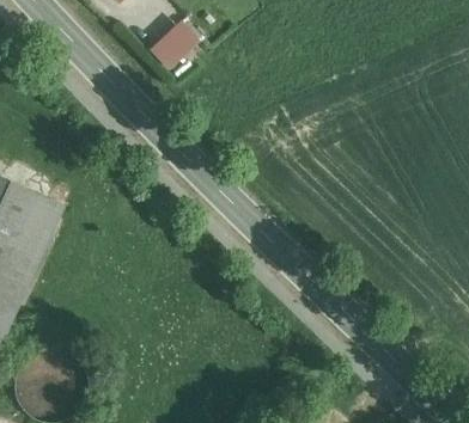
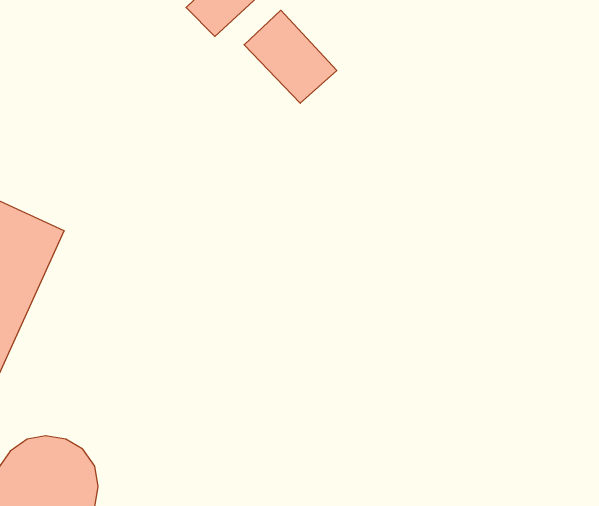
building: none -> [244,10,337,103]

